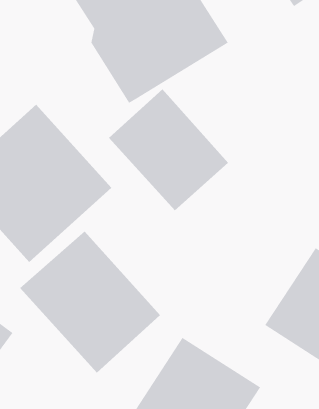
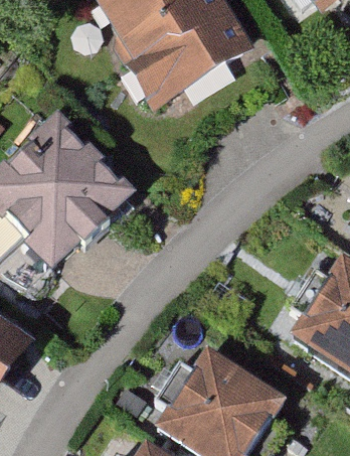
building: [108,89,229,211] -> none
building: [19,231,161,374] -> none

